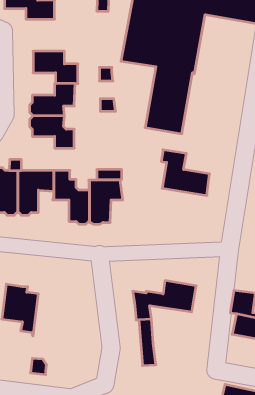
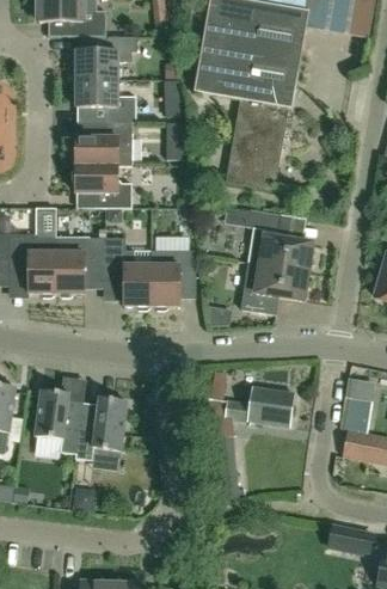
building: none -> [69,35,135,78]
building: none -> [241,260,307,313]
building: none -> [75,397,127,459]

